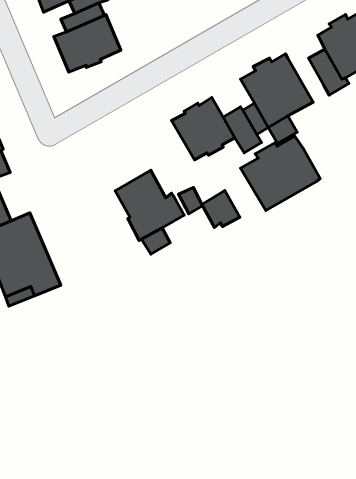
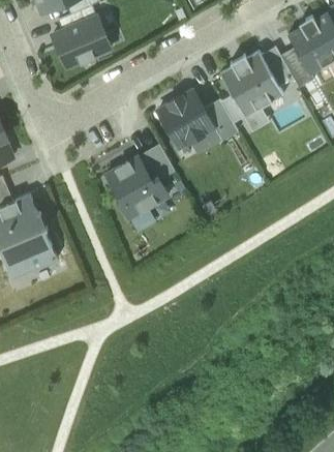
building: none -> [261,47,293,87]
building: [241,136,320,211] -> none
building: [202,191,240,228] -> [140,147,174,180]

